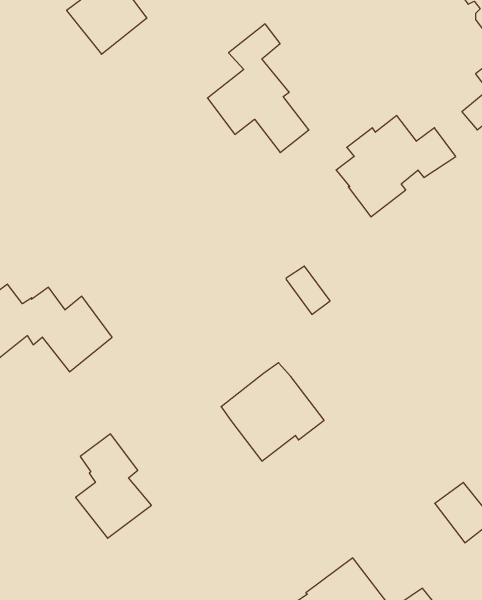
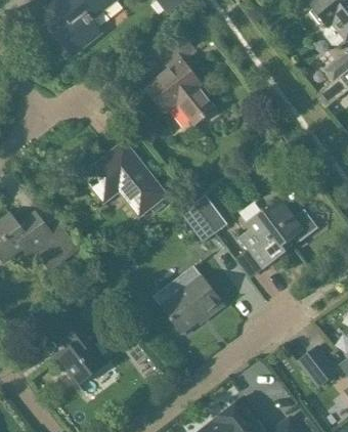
building: [336,116,456,217] -> [238,201,319,269]
building: none -> [82,142,165,216]
building: none -> [180,204,215,243]

